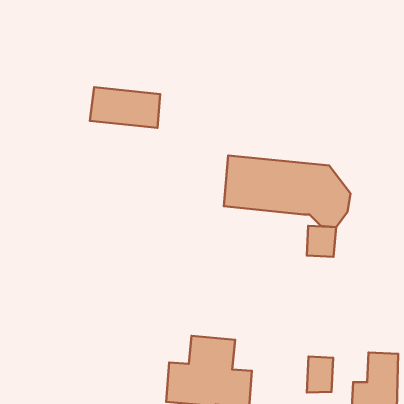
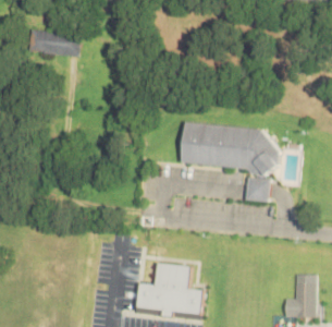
building: [90,87,160,128] -> [23,26,77,58]
building: [307,357,333,392] -> none

